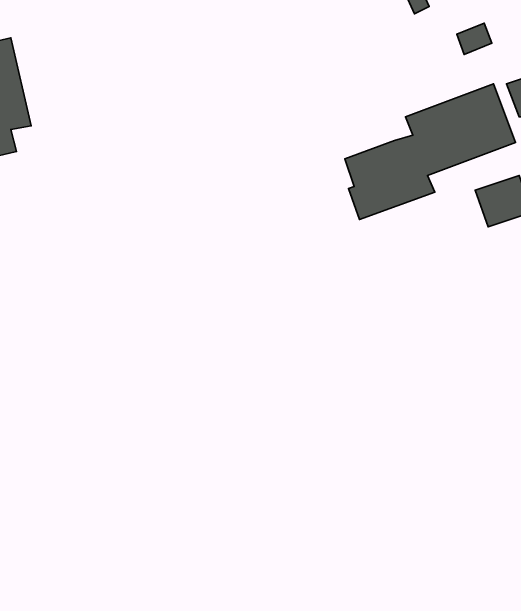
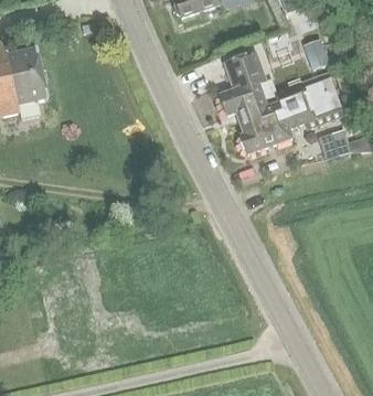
building: none -> [219,53,267,119]

